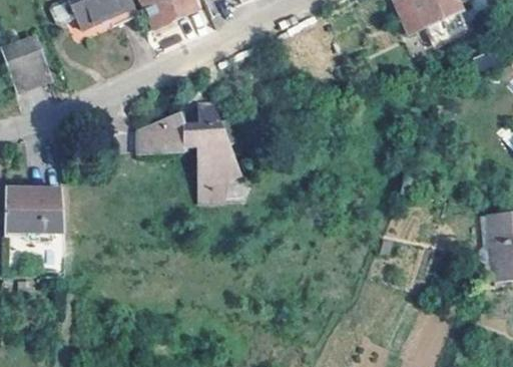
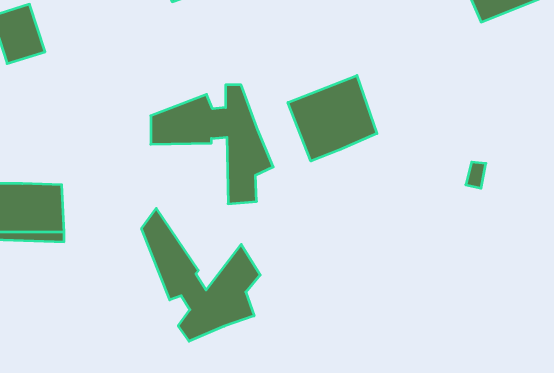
building: none -> [288,75,377,161]
building: none -> [142,208,260,341]

